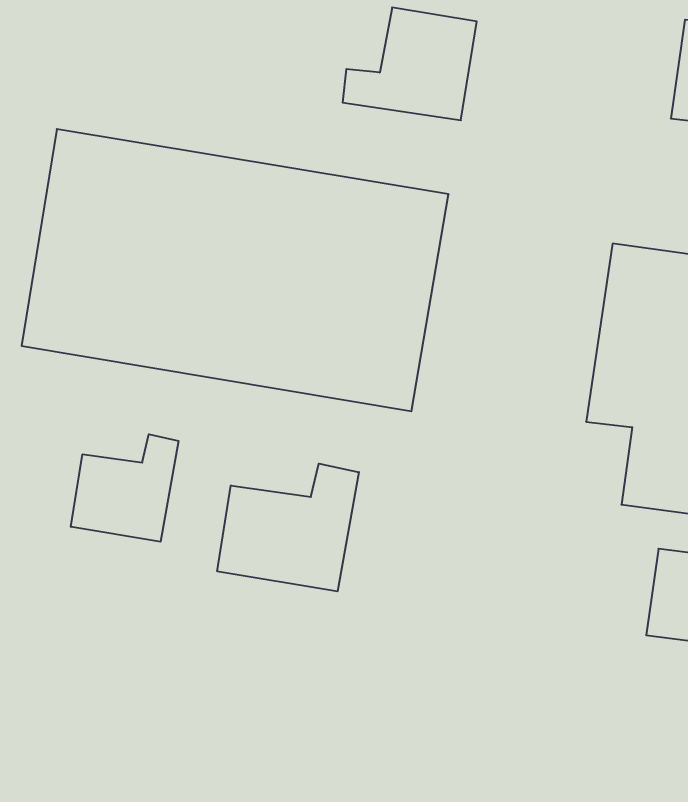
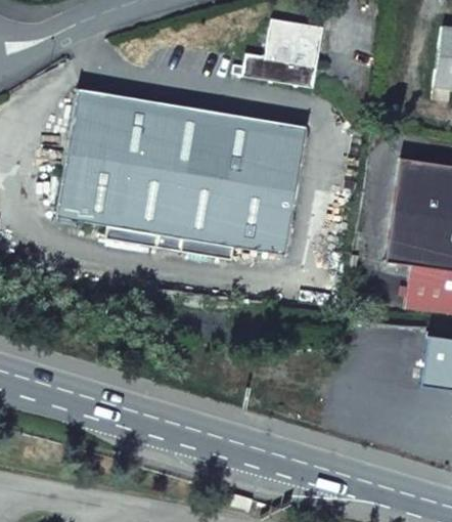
building: [71,434,179,542] -> none
building: [217,464,359,591] -> none

